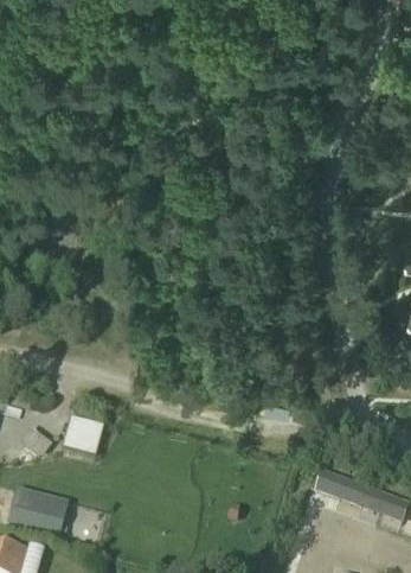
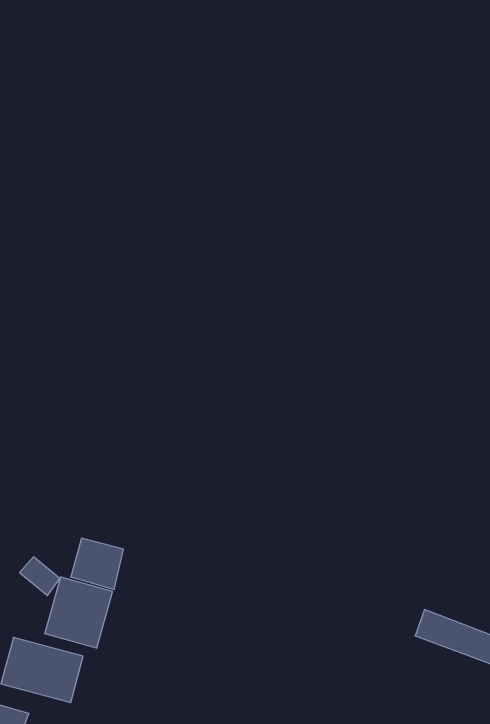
building: none -> [45,577,113,648]

